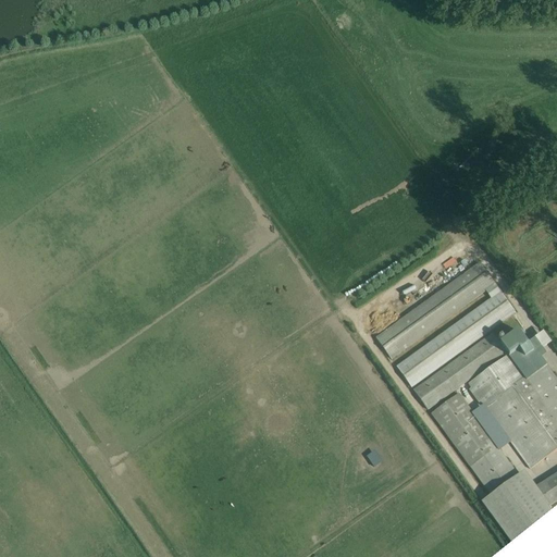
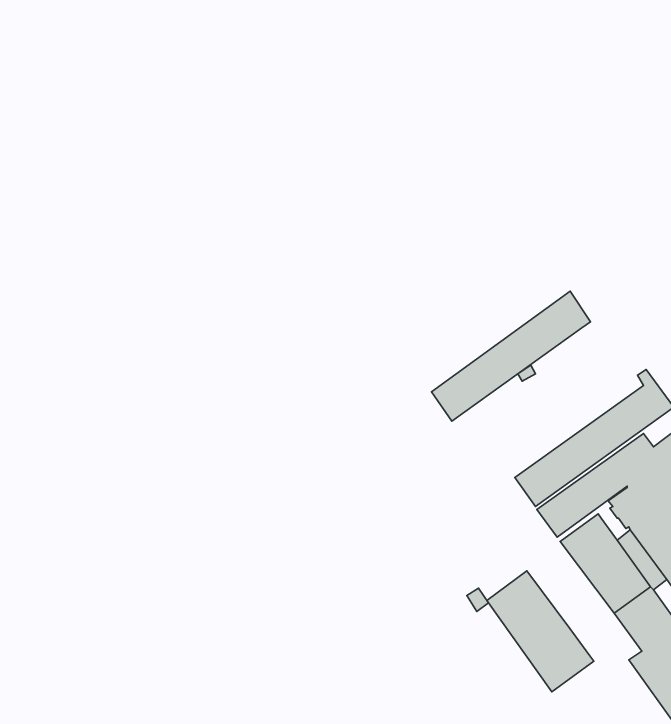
building: [376,261,495,358] -> [431,291,591,421]
building: none -> [487,571,594,692]

